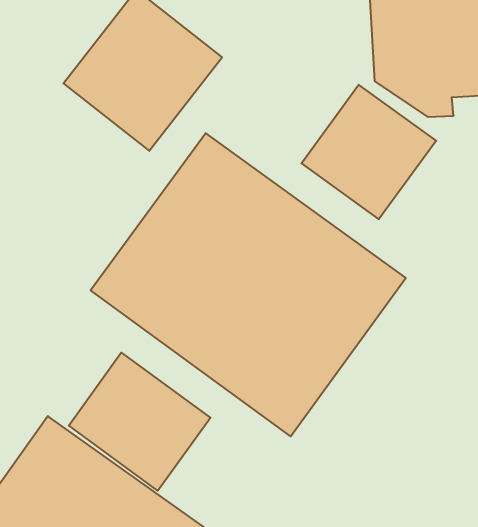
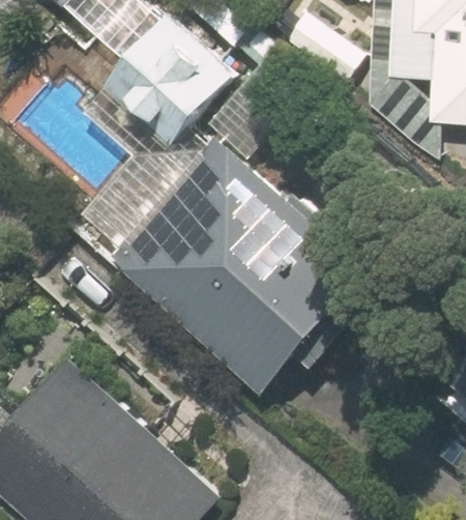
building: [301,85,436,219] -> none
building: [69,353,210,491] -> none

